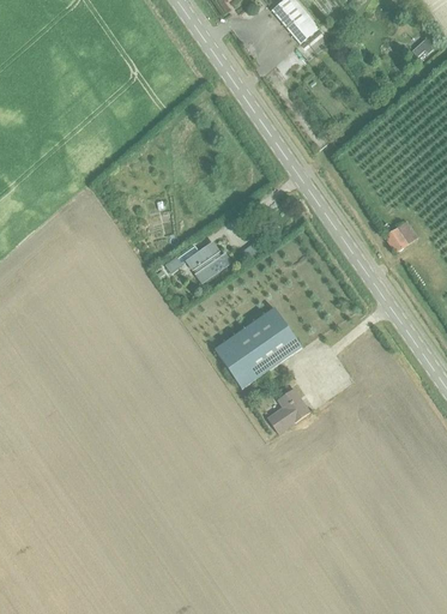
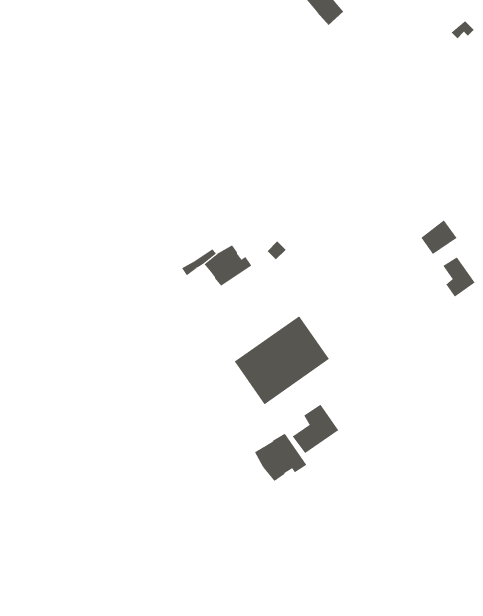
building: none -> [442,256,476,298]
building: none -> [254,433,307,482]

